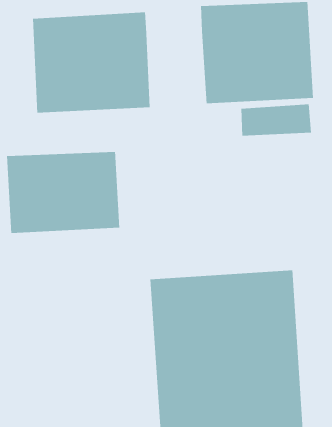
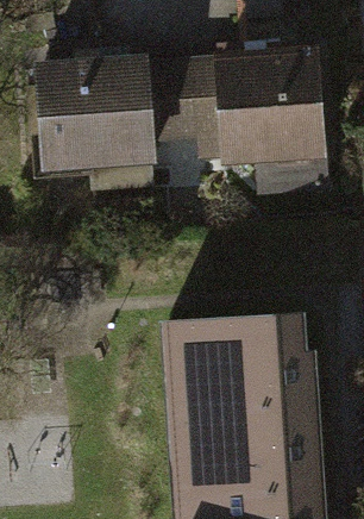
building: none -> [155,77,215,156]
building: [7,151,120,234] -> none

